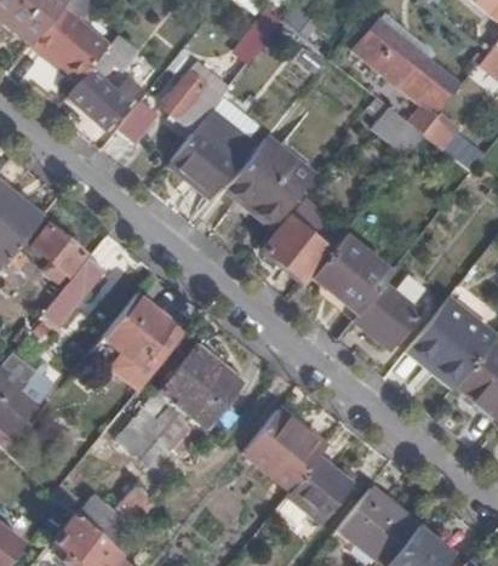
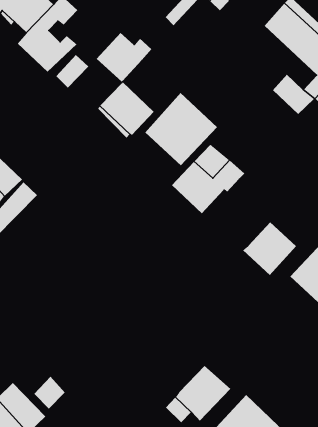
building: [196,103,257,162] -> none
building: [310,234,390,311] -> none
building: [104,295,178,376] -> none
building: [118,344,241,463] -> none
building: [244,411,324,491] -> none

